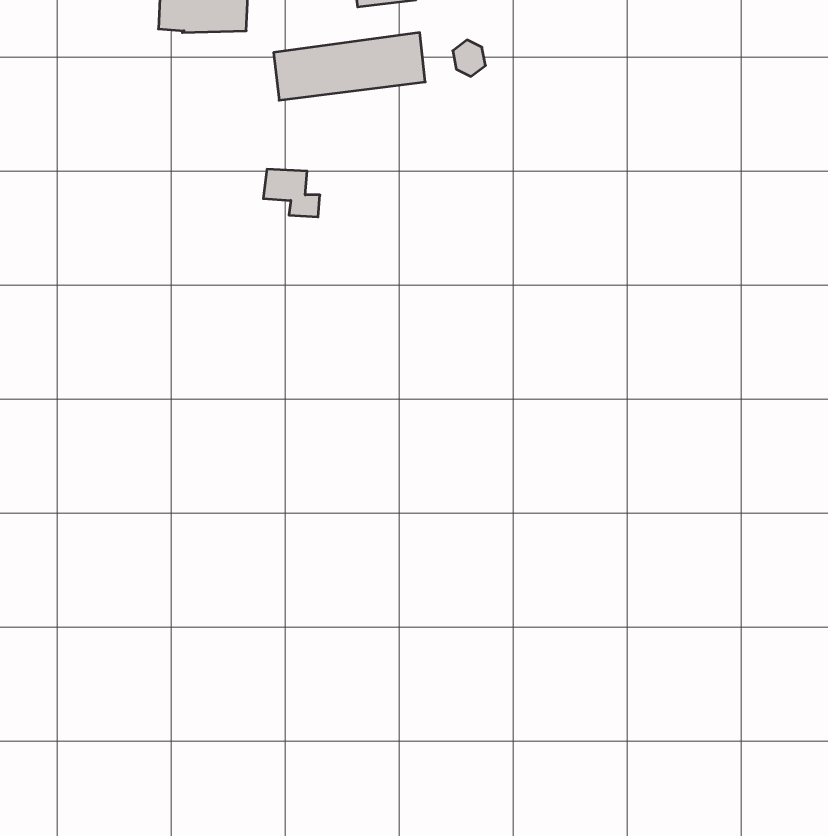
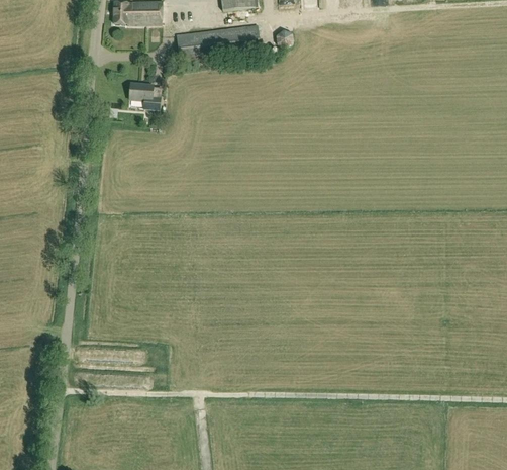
building: [263,169,320,217] -> [128,82,160,108]

